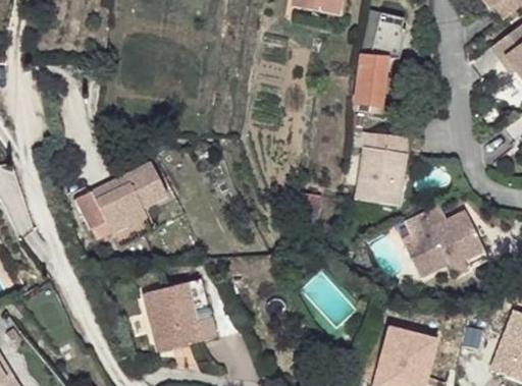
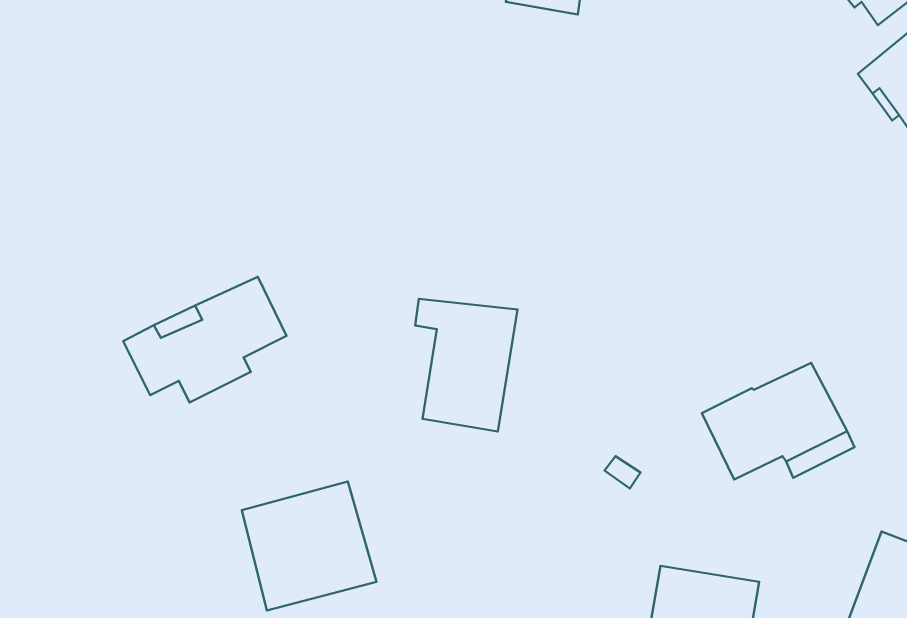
building: [366,9,405,49] -> none
building: [356,51,390,115] -> none
building: [353,130,411,206] -> [415,299,518,432]

